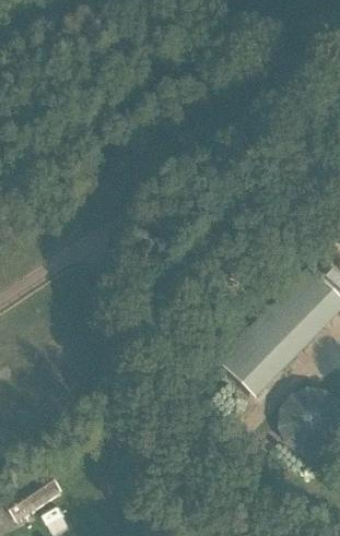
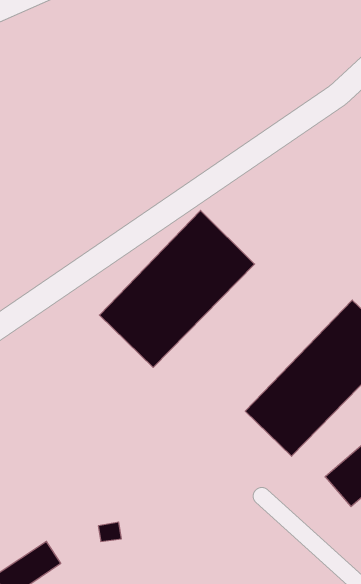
building: none -> [99,210,255,367]

